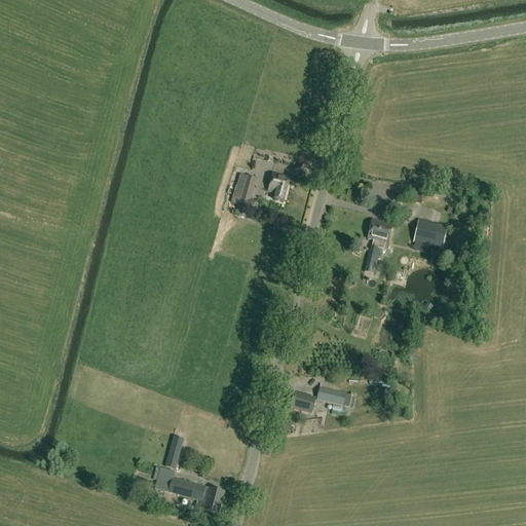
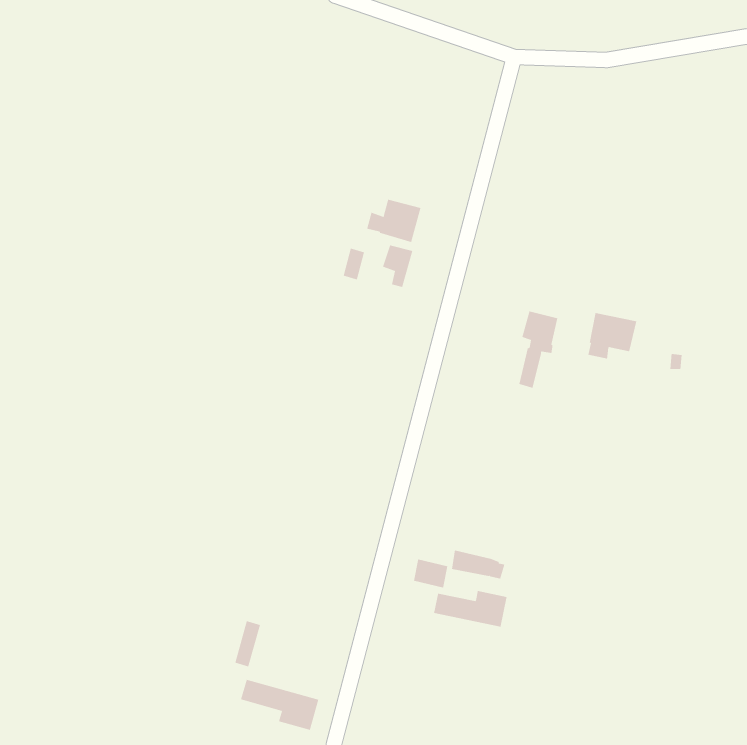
building: none -> [367,199,421,243]
building: none -> [434,590,507,627]
building: [151,464,174,490] -> none

